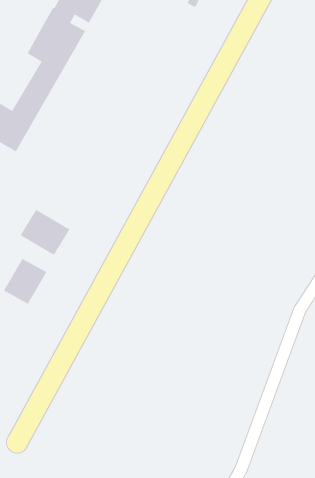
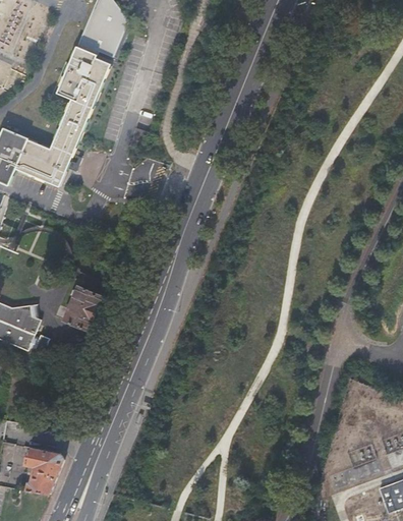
building: [20,209,70,256] -> none

